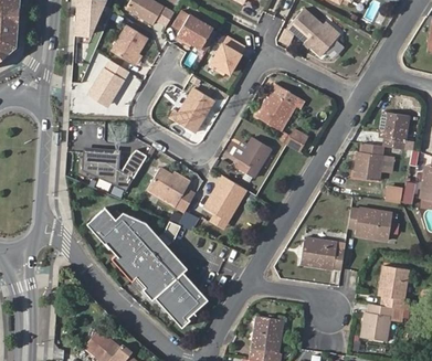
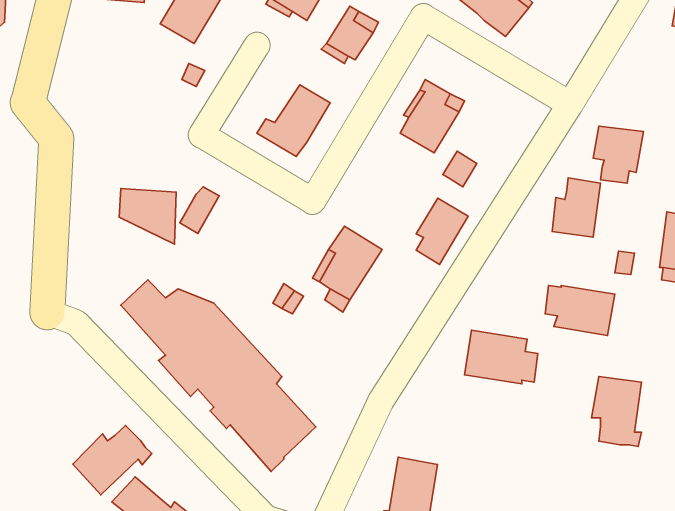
building: [91,59,129,103] -> none
building: [242,135,274,176] -> [416,198,468,264]
building: [149,167,193,205] -> none
building: none -> [73,426,152,495]
building: [360,304,401,341] -> none

